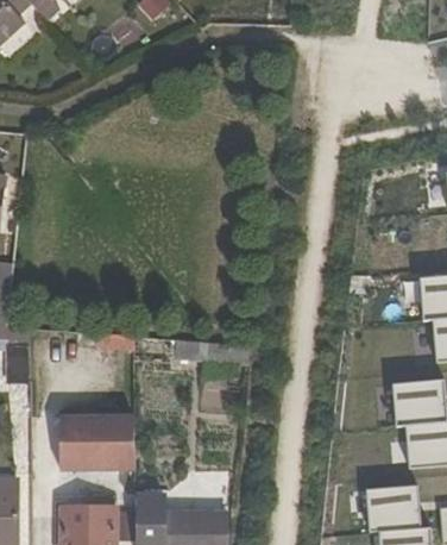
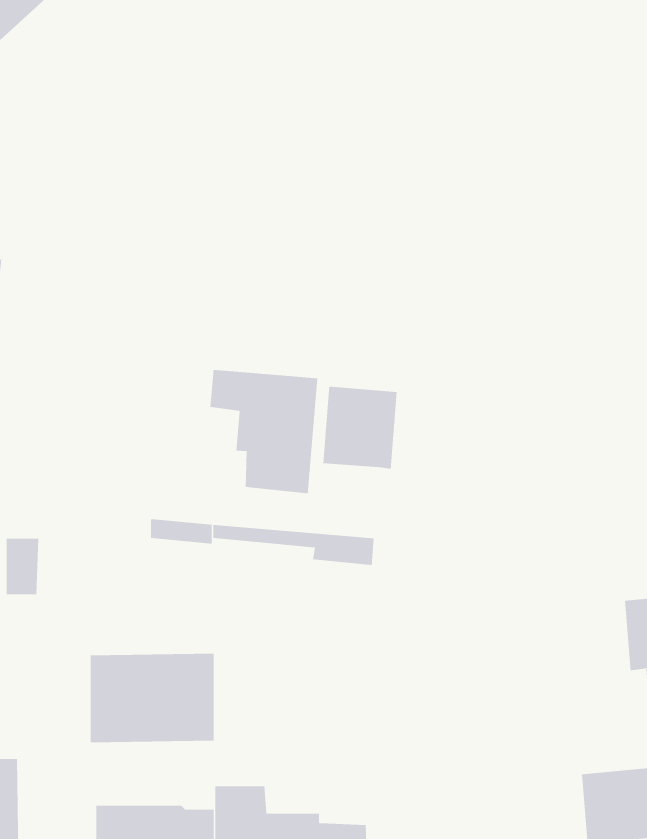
building: none -> [210,369,318,494]
building: none -> [323,386,397,470]

